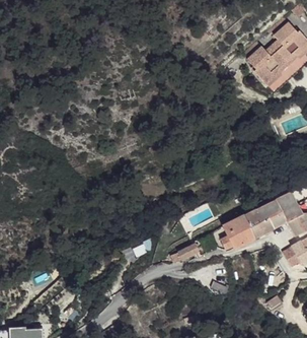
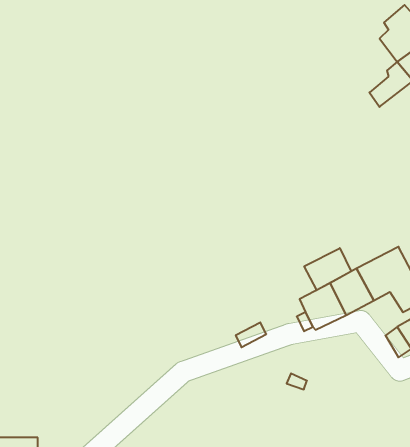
building: [251,45,288,82] -> none
building: none -> [304,248,351,290]

